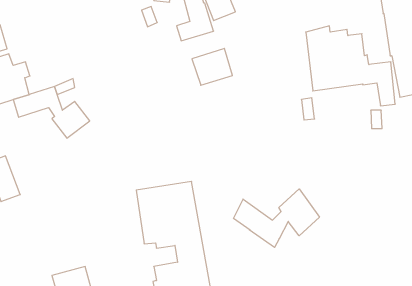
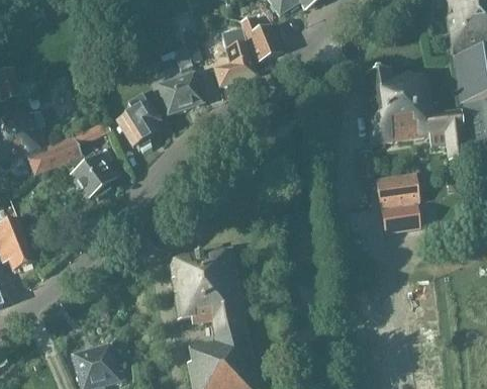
building: [192,48,232,85] -> [157,72,203,114]
building: none -> [117,94,158,145]
building: none -> [375,173,421,226]
building: [234,189,319,247] -> none

